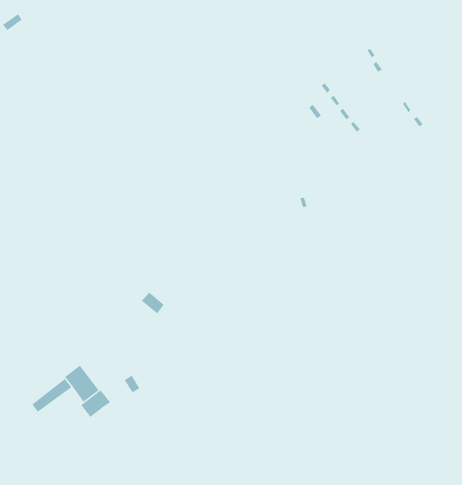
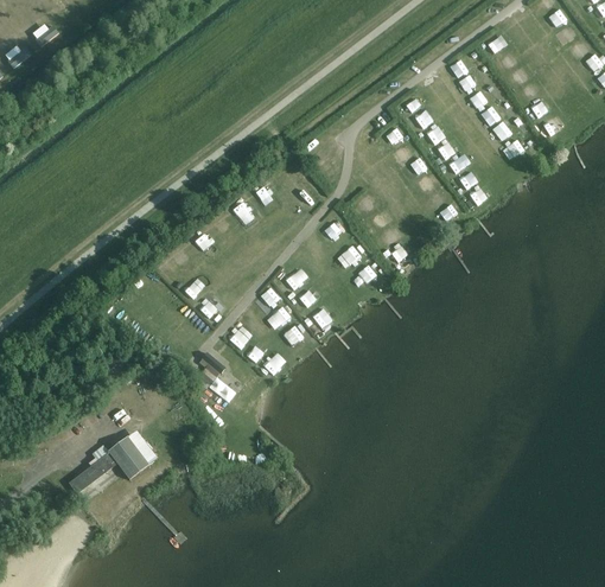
building: [80,389,111,418] -> none

